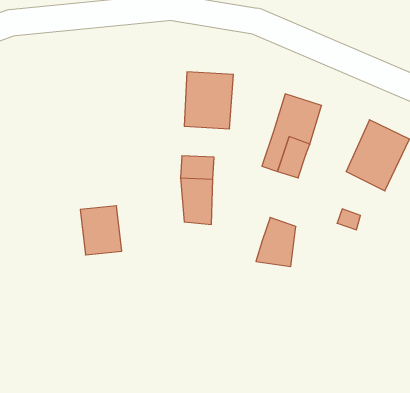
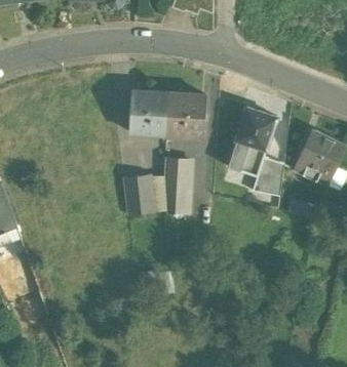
building: none -> [129,89,168,134]
building: [80,206,122,255] -> [122,174,155,213]
building: [256,217,296,267] -> [252,157,283,196]

